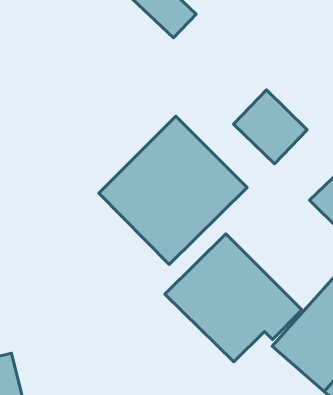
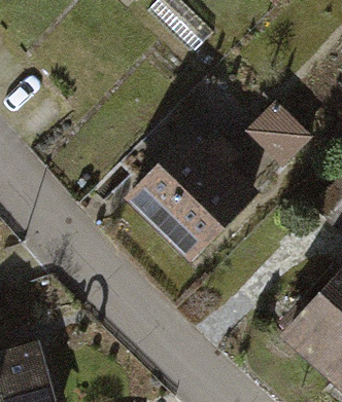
building: [165,234,302,362] -> none

